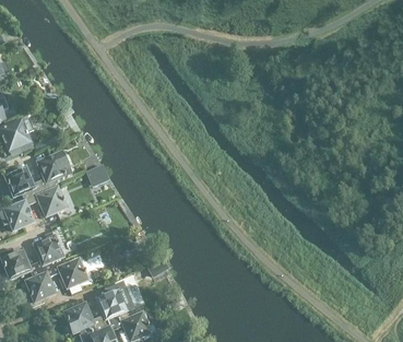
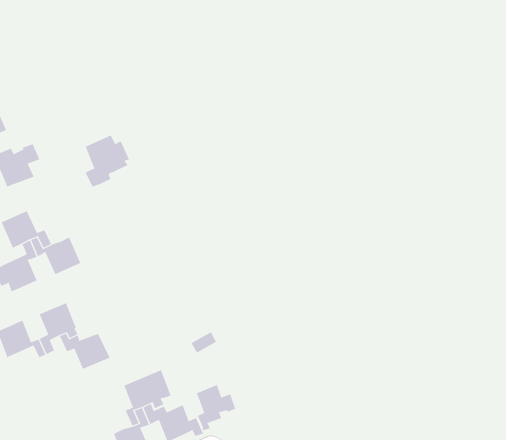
building: [37,152,71,191] -> [85,135,130,187]
building: [25,260,54,299] -> none
building: none -> [196,384,236,431]
building: [64,302,103,331] -> none

